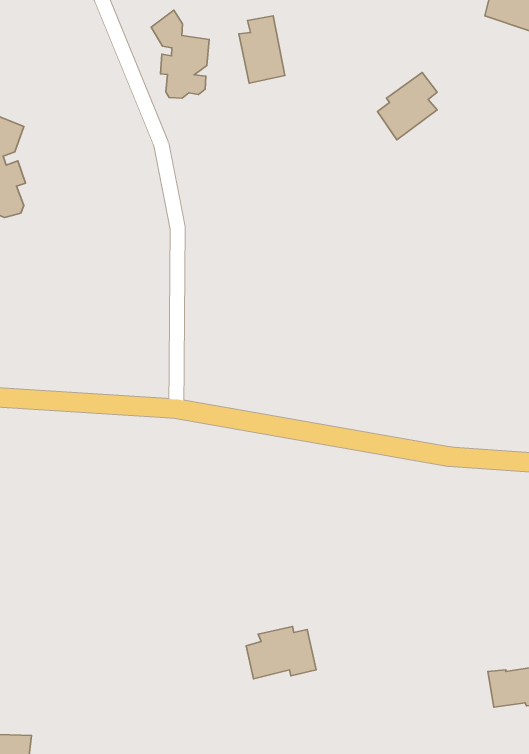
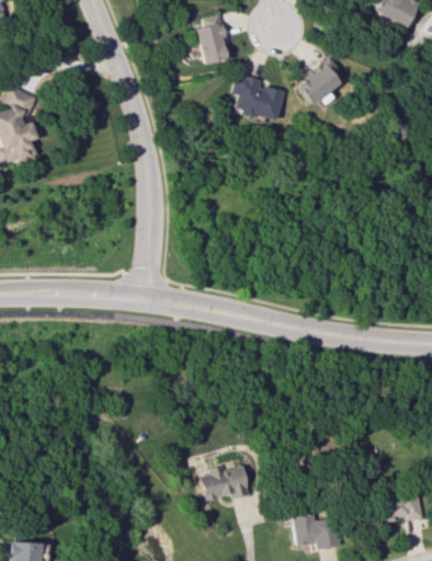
building: [151,10,209,98] -> none
building: none -> [231,73,284,121]
building: none -> [294,514,341,549]

